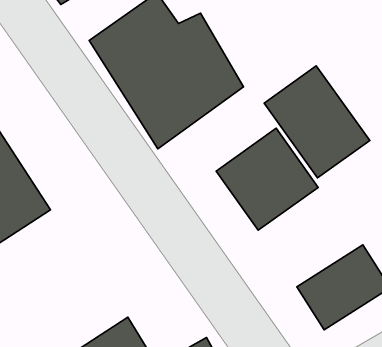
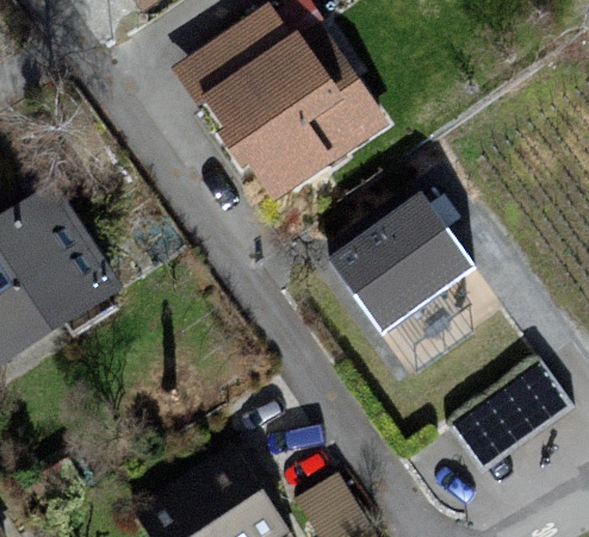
building: [264,66,370,178] -> none

